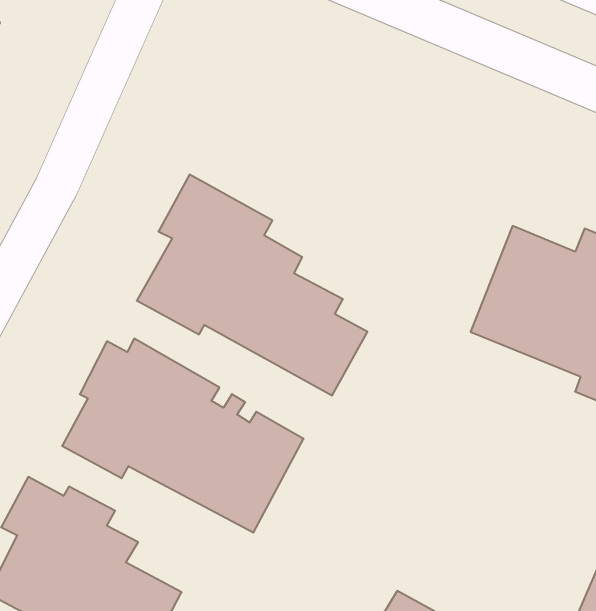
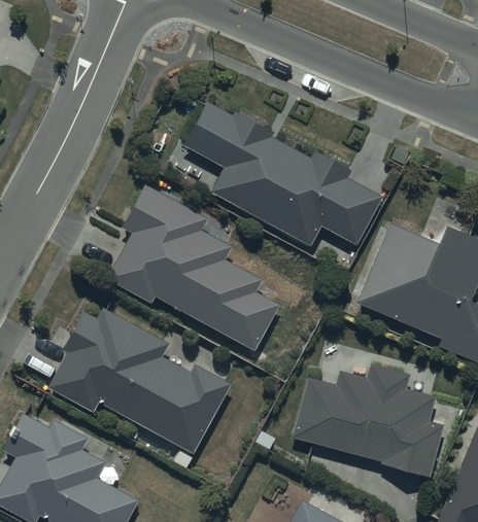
building: none -> [182,100,384,247]
building: none -> [292,364,444,477]

